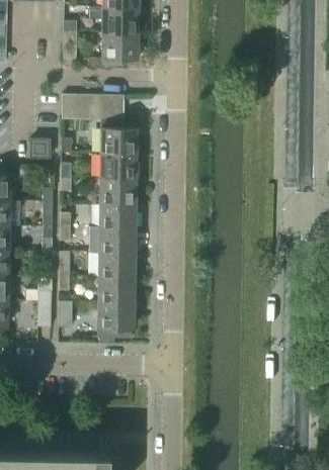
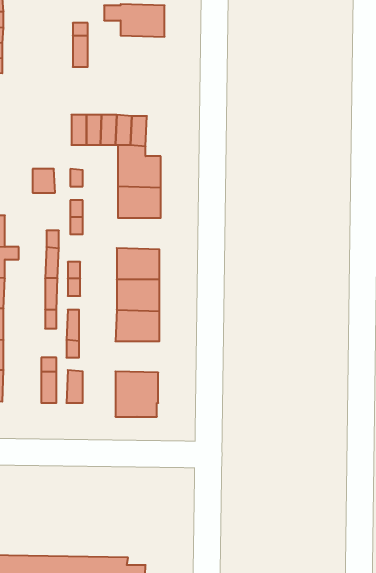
building: [88,32,138,68] -> none
building: [99,179,135,204] -> none
building: [98,278,134,303] -> none

